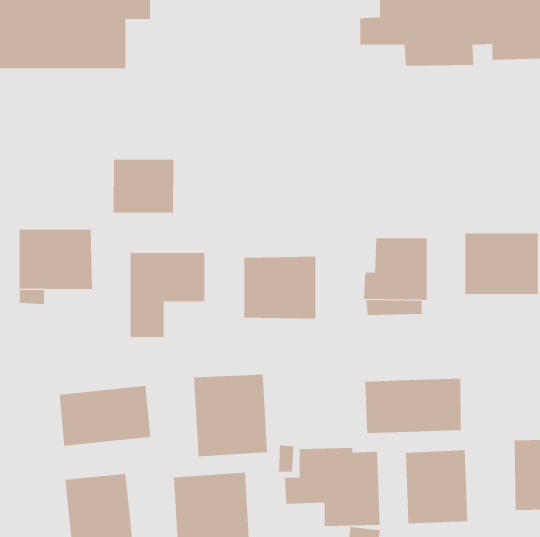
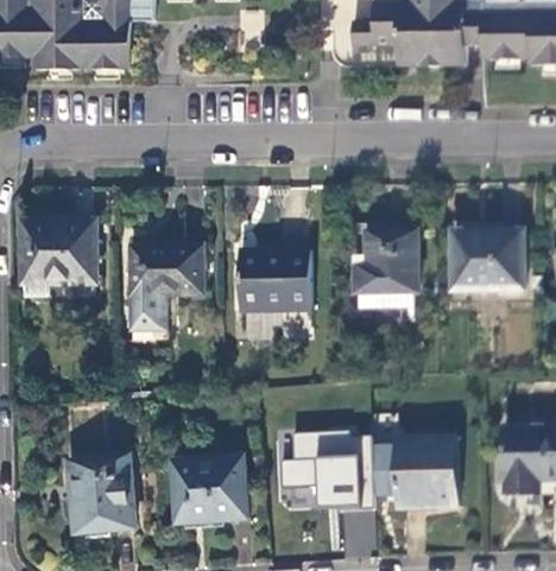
building: [113,159,174,214] -> none
building: [194,374,268,457] -> none
building: [365,378,461,434] -> none
building: [59,385,151,446] -> none

